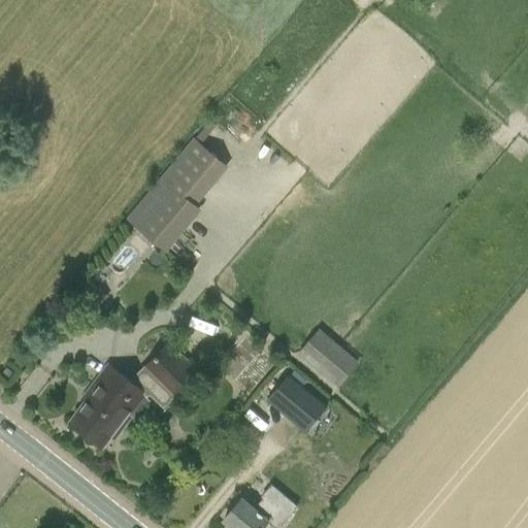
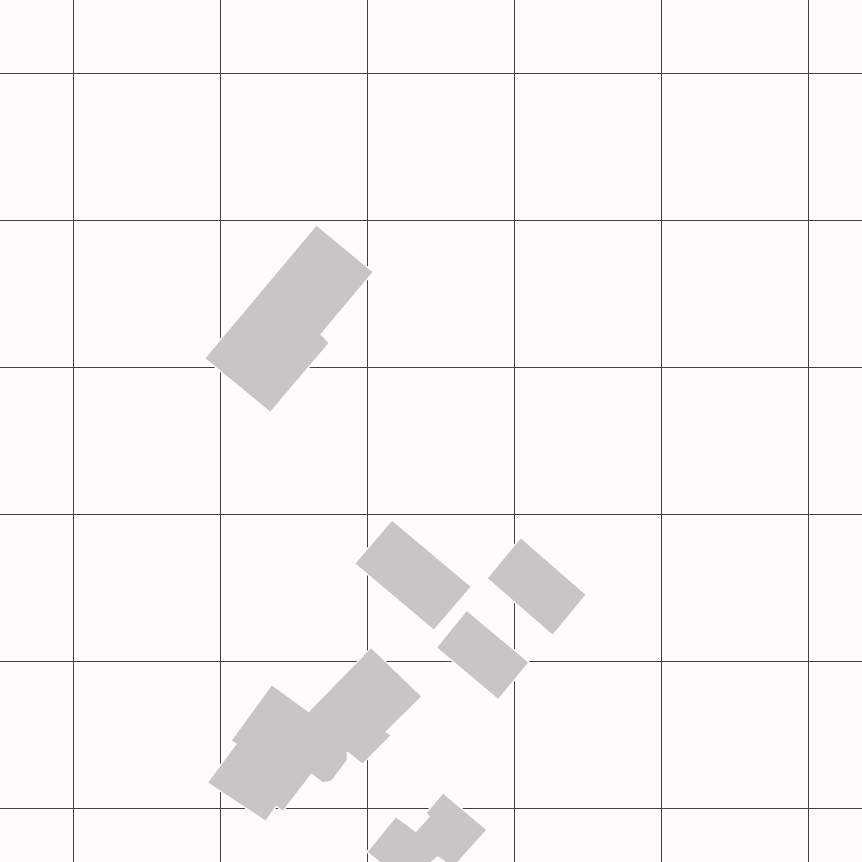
building: none -> [354,520,472,630]
building: [68,341,199,448] -> [207,647,422,821]

